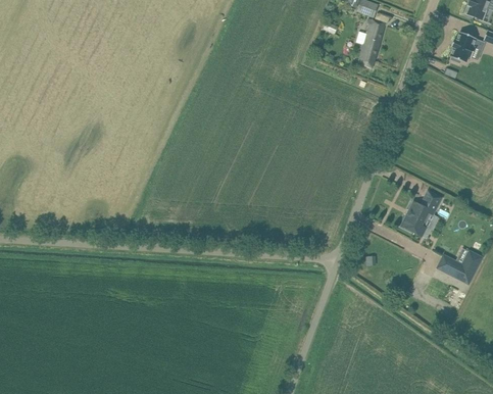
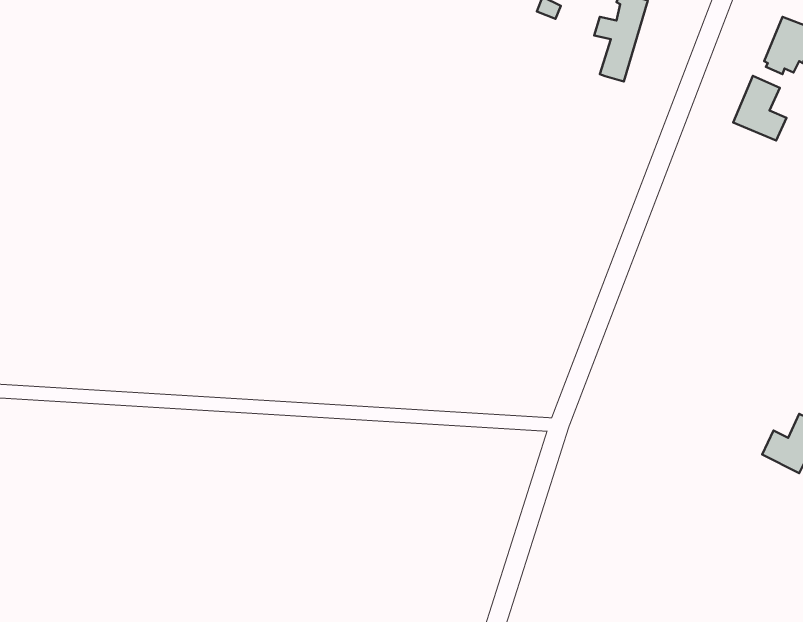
building: none -> [733,76,787,140]
building: [401,191,441,234] -> none

